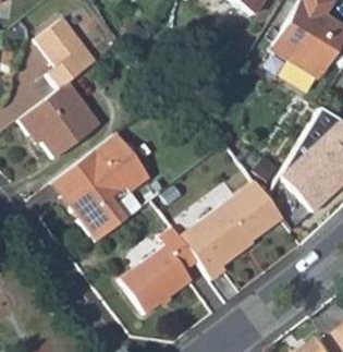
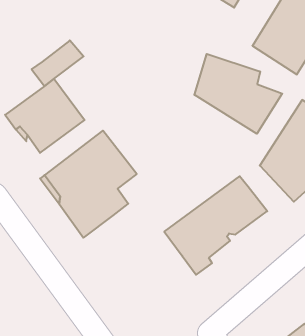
building: [30,14,81,64] -> none
building: none -> [194,54,282,134]
building: [119,229,196,316] -> none

